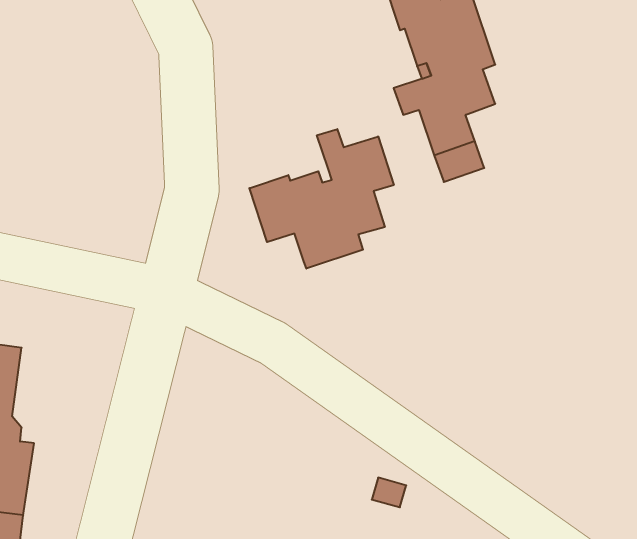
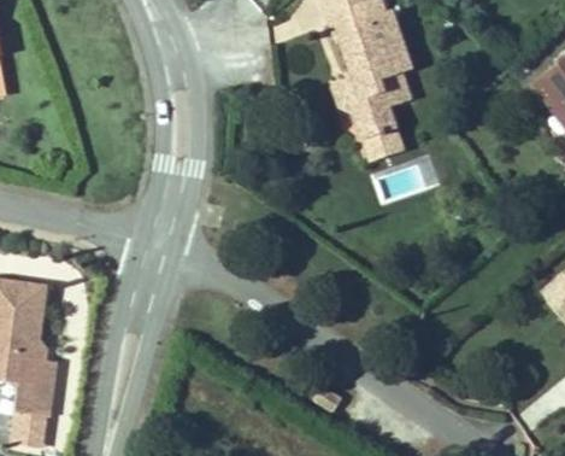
building: [249,129,394,269] -> none

